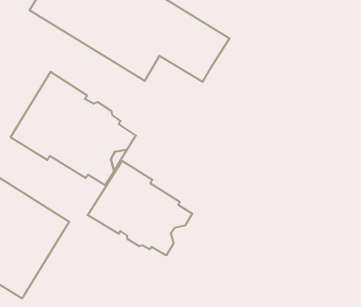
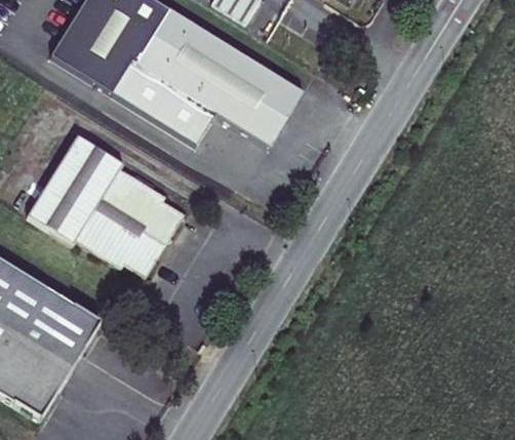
building: [88,161,192,255] -> none

